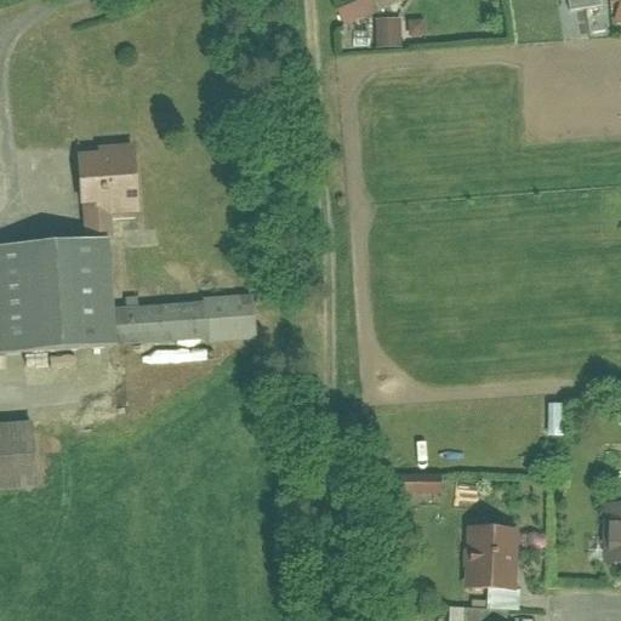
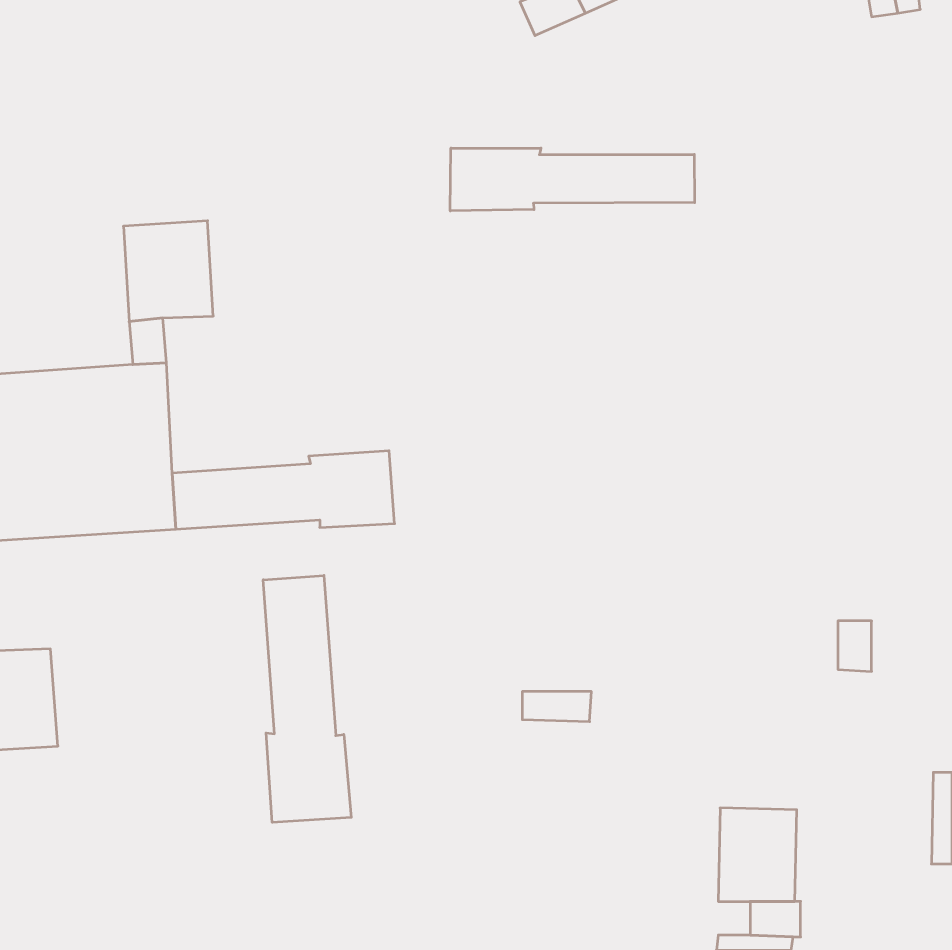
building: [376,16,400,45] -> none
building: none -> [450,148,695,211]
building: none -> [263,575,351,822]
building: [398,473,443,492] -> [522,692,591,722]

